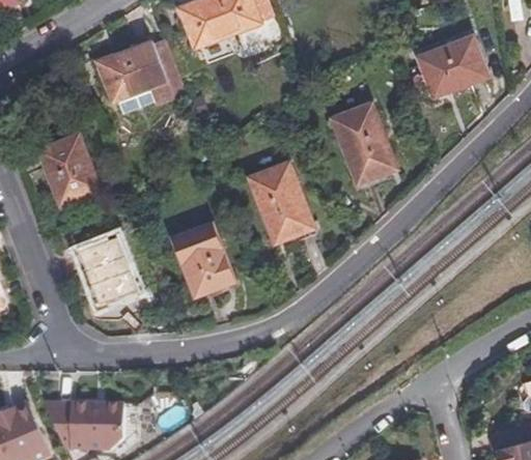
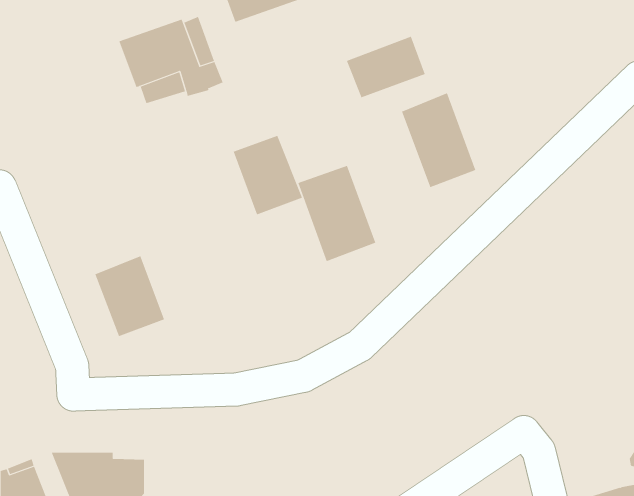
building: [420,35,486,93] -> none
building: none -> [346,36,425,98]
building: [39,136,97,202] -> none
building: [175,229,233,295] -> [233,135,303,215]

